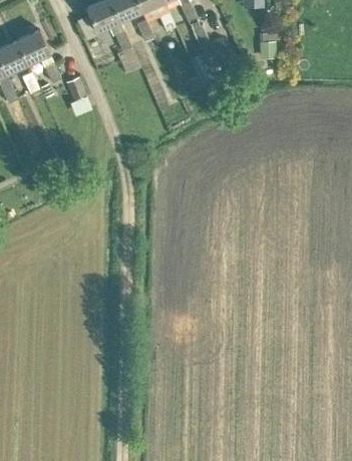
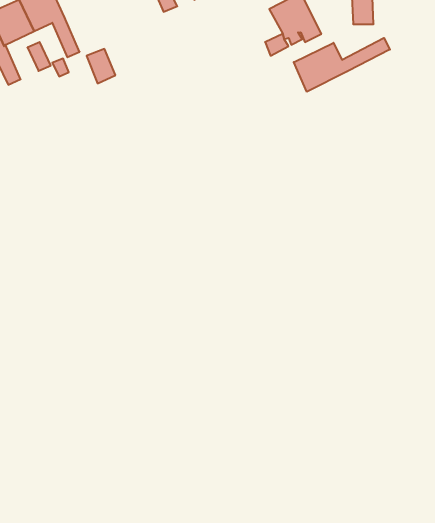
building: none -> [294,38,390,92]

